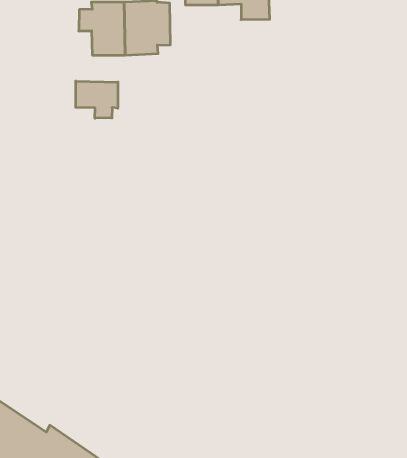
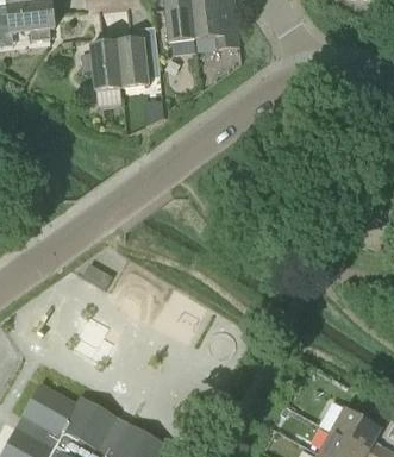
building: [76,81,118,118] -> none

